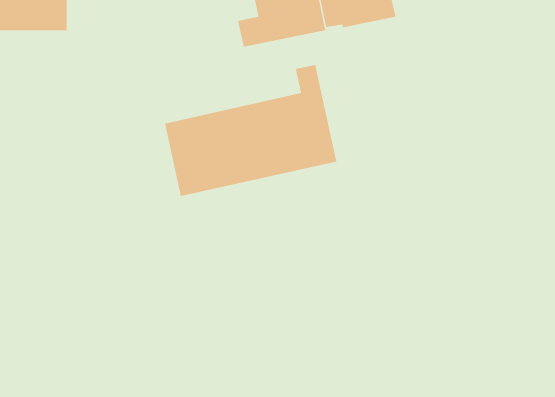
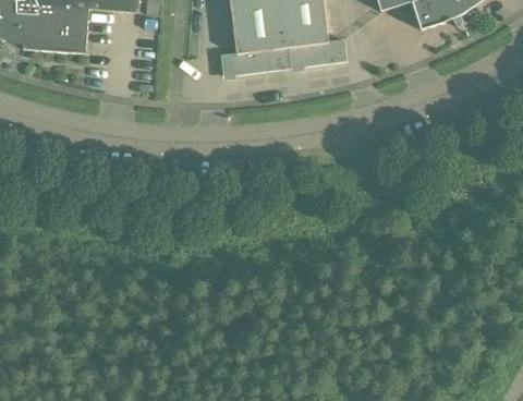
building: [164,64,338,197] -> none

